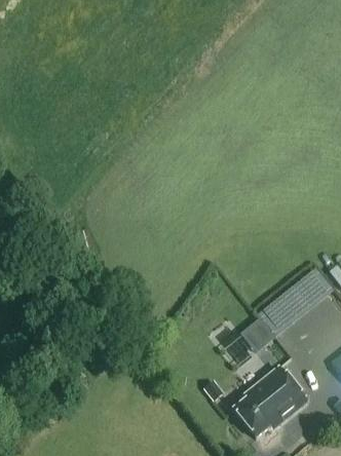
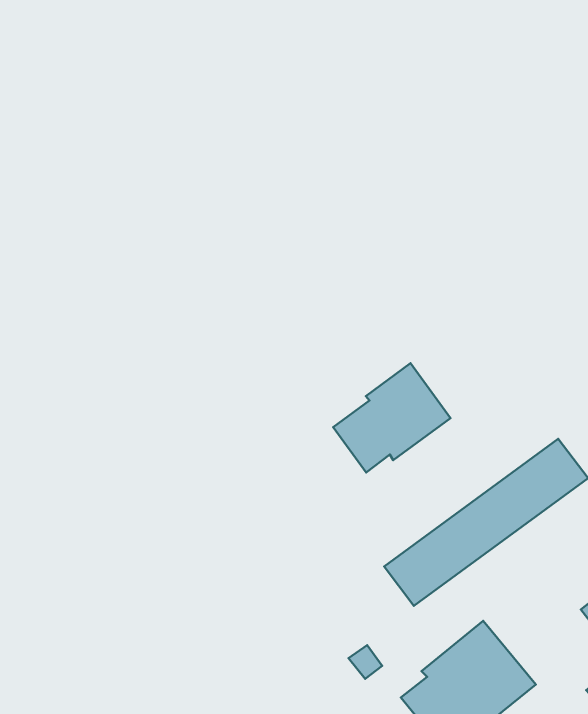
building: none -> [333,363,450,473]

